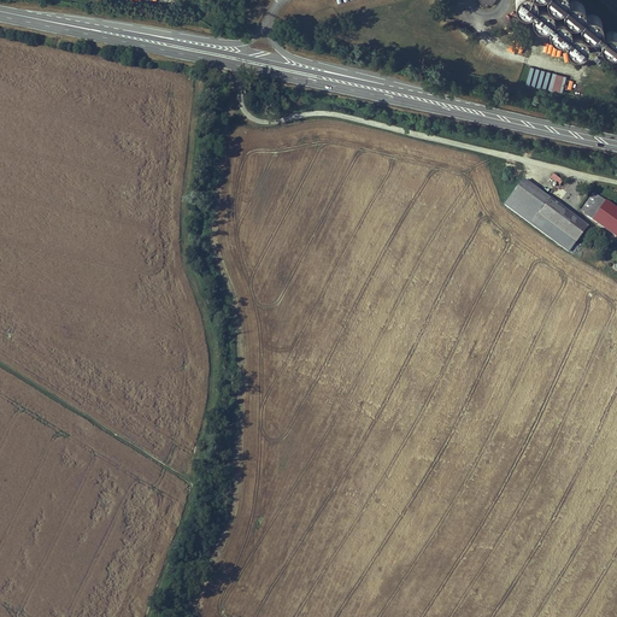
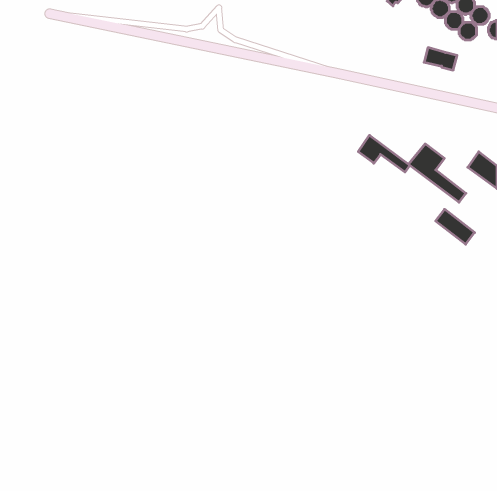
building: none -> [358,135,410,172]
building: [540,196,588,240] -> [436,209,475,244]

